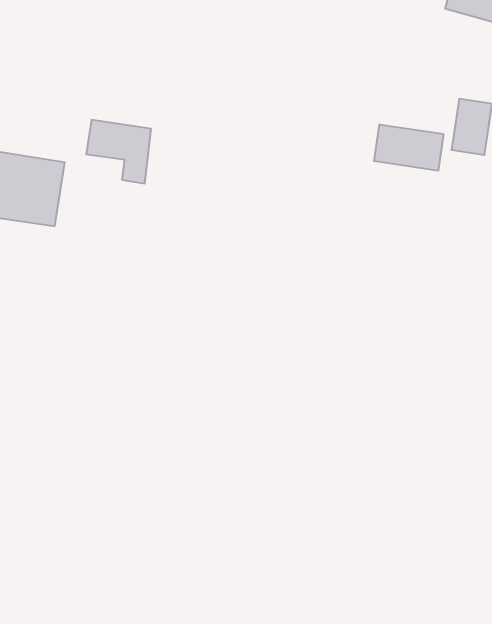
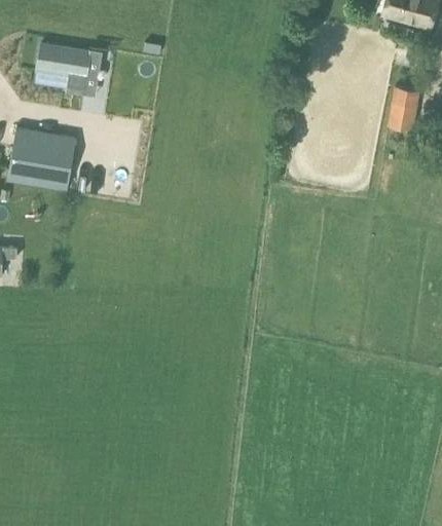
building: [86,120,151,184] -> [35,42,87,93]
building: [374,124,443,171] -> none

